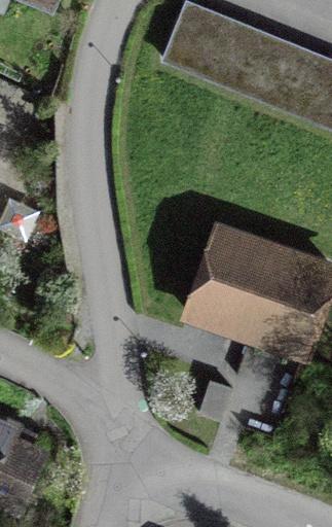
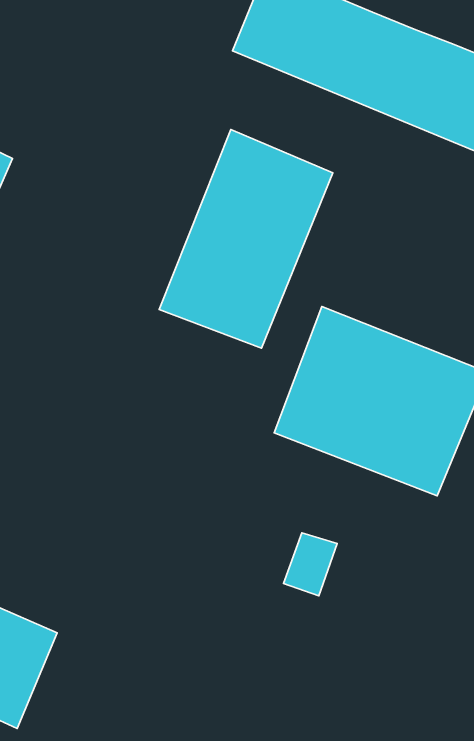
building: none -> [159,129,333,348]

